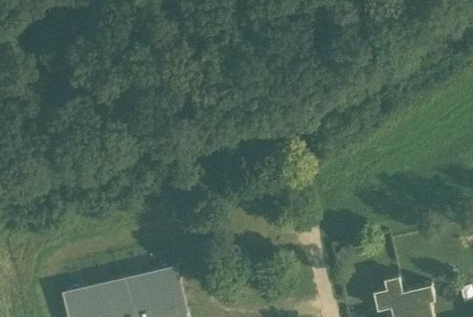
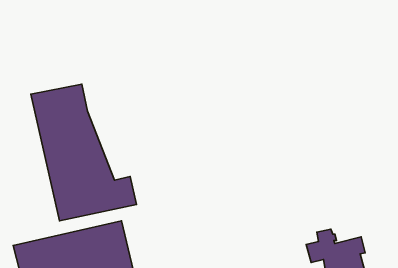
building: none -> [31,84,136,221]

